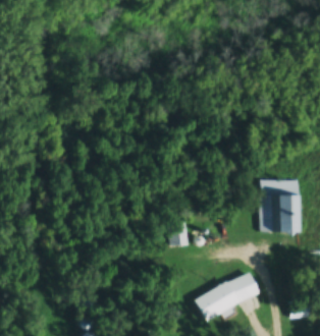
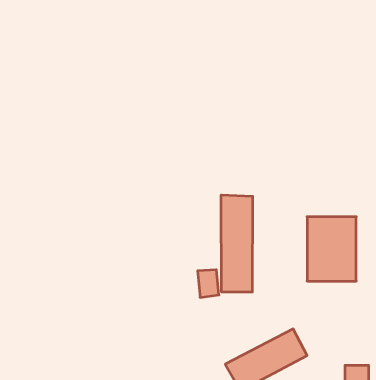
building: none -> [221,195,253,292]

